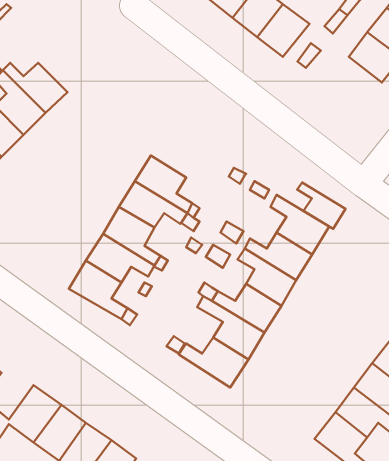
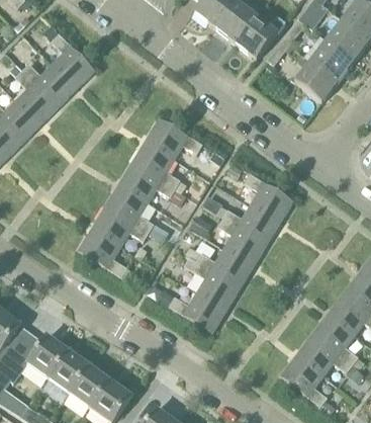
building: none -> [52,33,95,88]
building: none -> [293,59,337,101]
building: none -> [146,117,202,159]
building: [297,183,346,229] -> none

